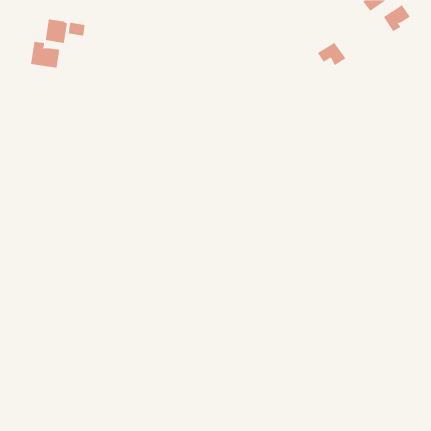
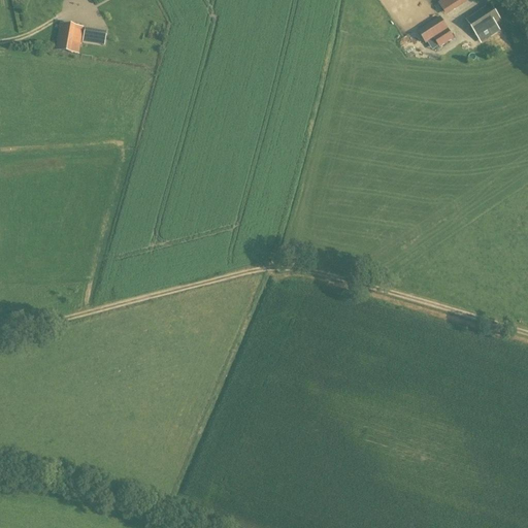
building: [30,41,60,68] -> none
building: [317,42,346,66] -> [420,18,456,47]

